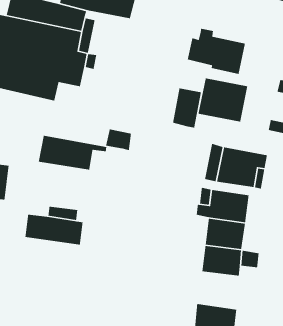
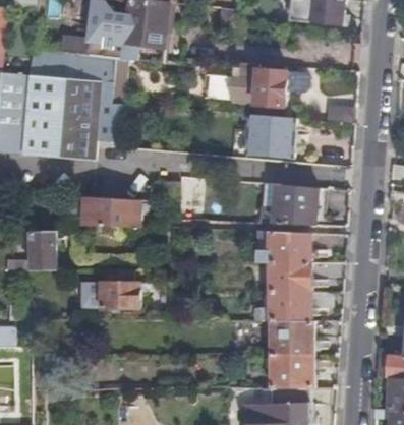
building: [172,87,202,128] -> none
building: none -> [268,320,313,355]

